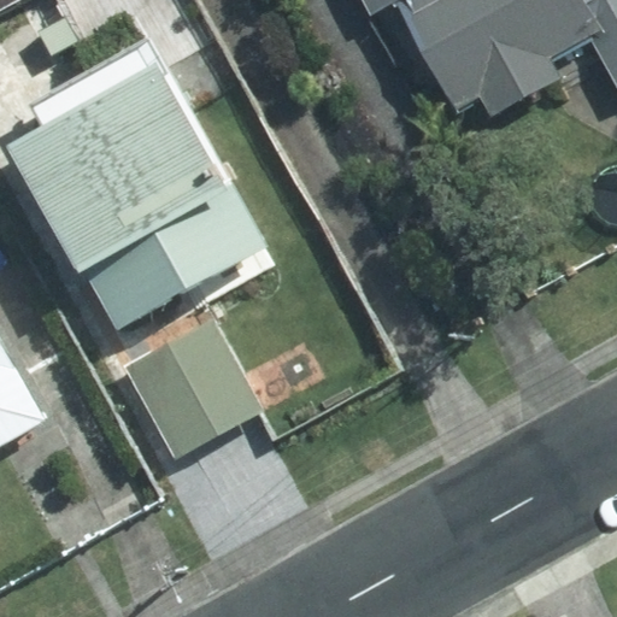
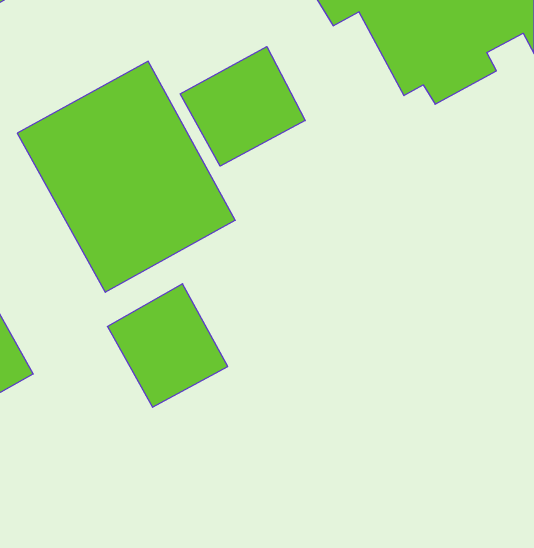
building: none -> [180,47,305,166]

